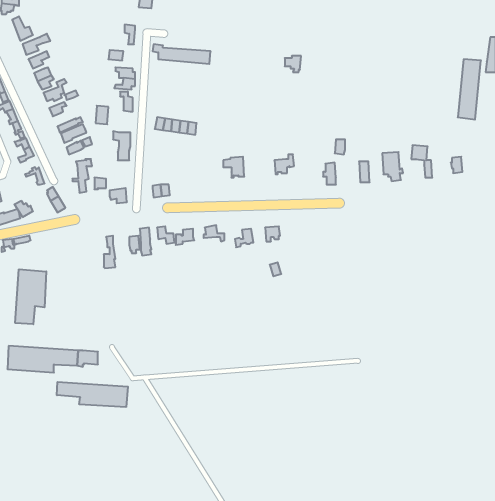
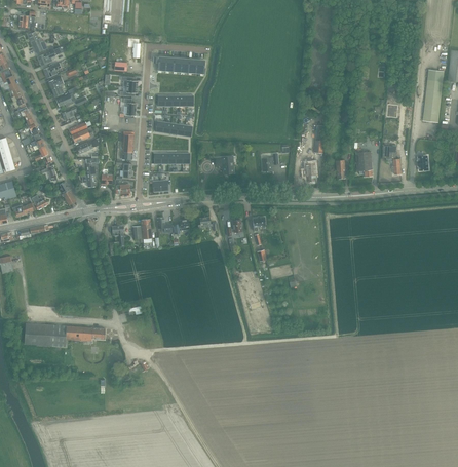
building: [15,269,46,324] -> none
building: [57,382,128,407] -> none

